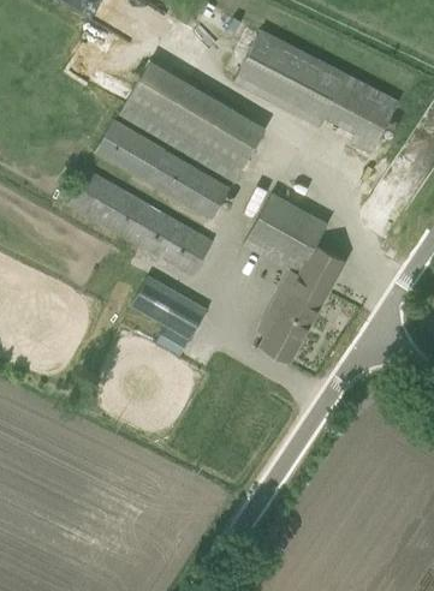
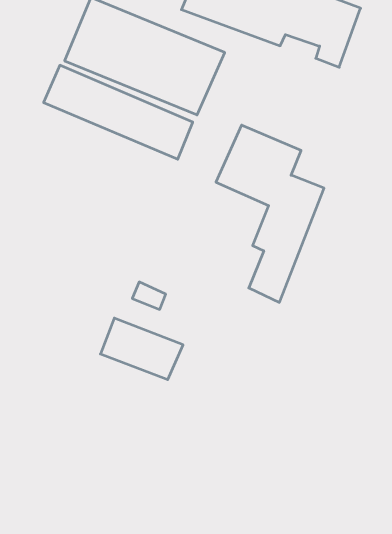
building: [67,169,213,275] -> none
building: [130,275,207,338] -> [100,318,183,380]

